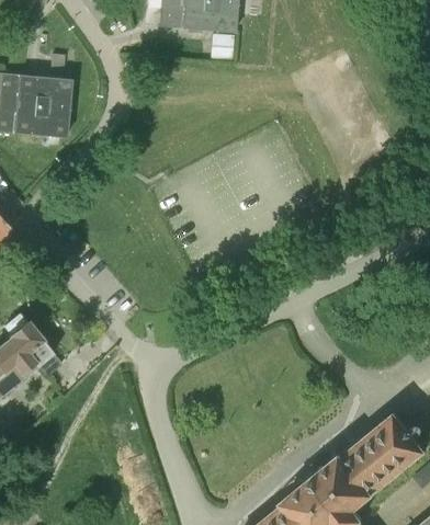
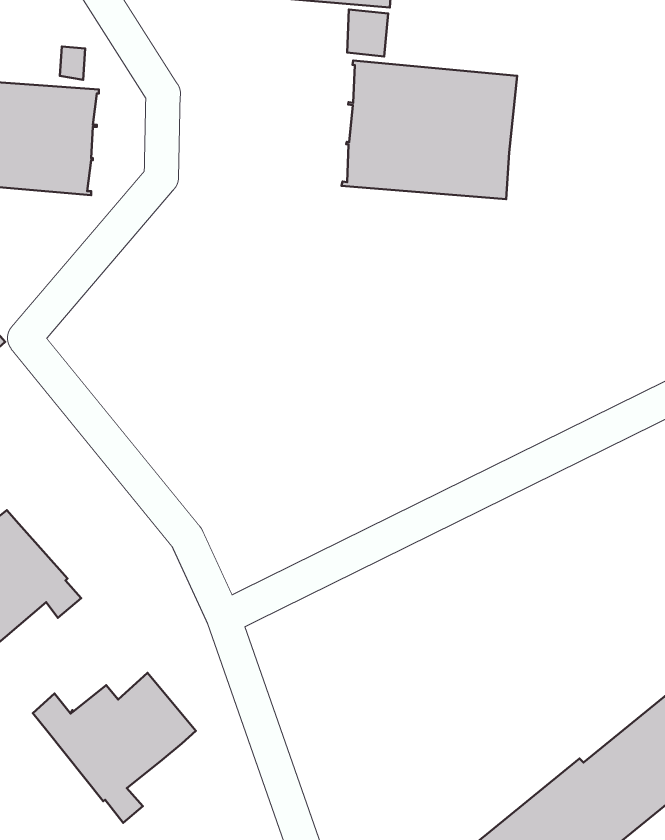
building: none -> [342,60,517,199]
building: none -> [33,673,196,823]

